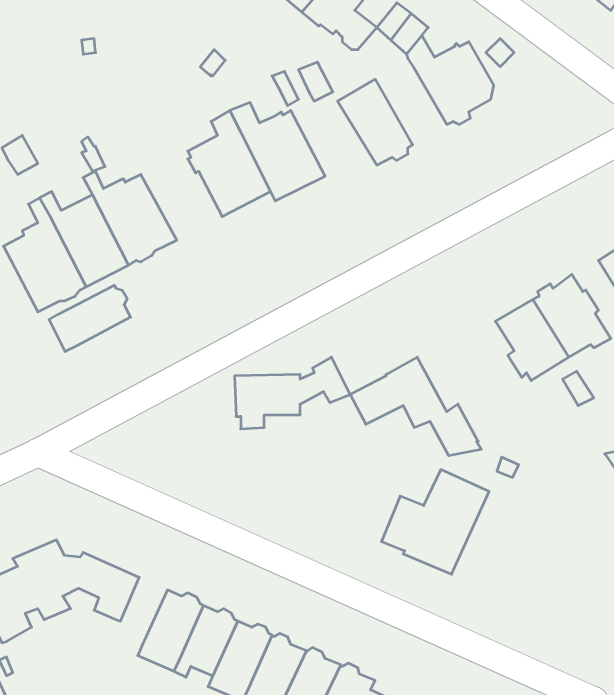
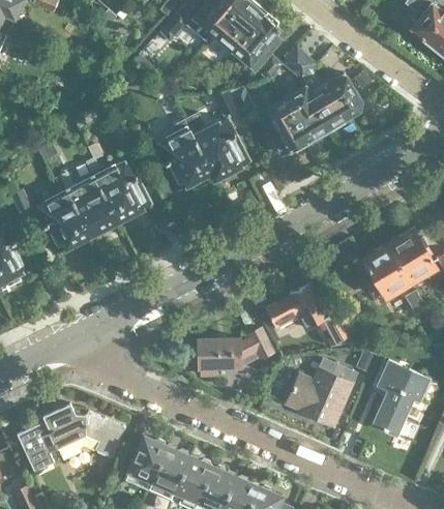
building: none -> [282,85,329,142]
building: [49,285,131,352] -> none
building: [235,357,350,429] -> [197,328,273,376]
building: none -> [375,362,428,441]

